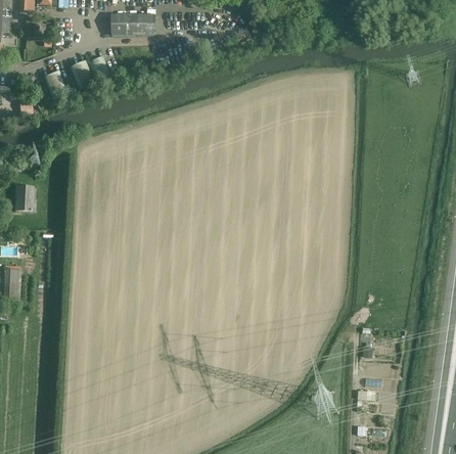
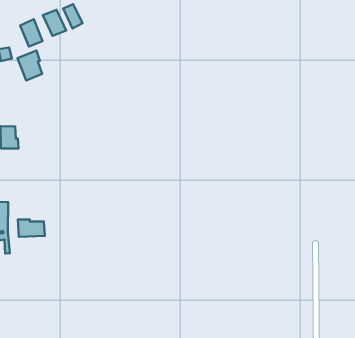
building: none -> [17,50,42,81]
building: none -> [18,220,45,237]

